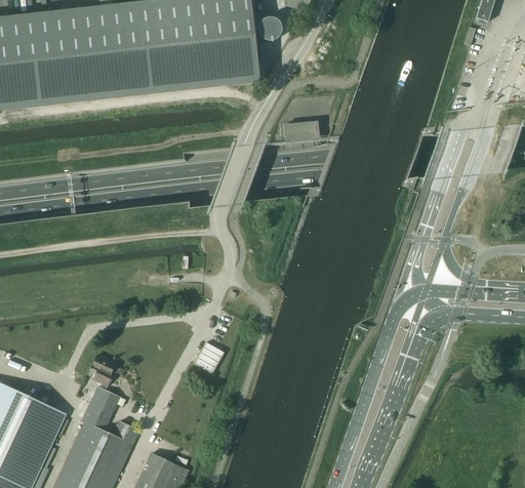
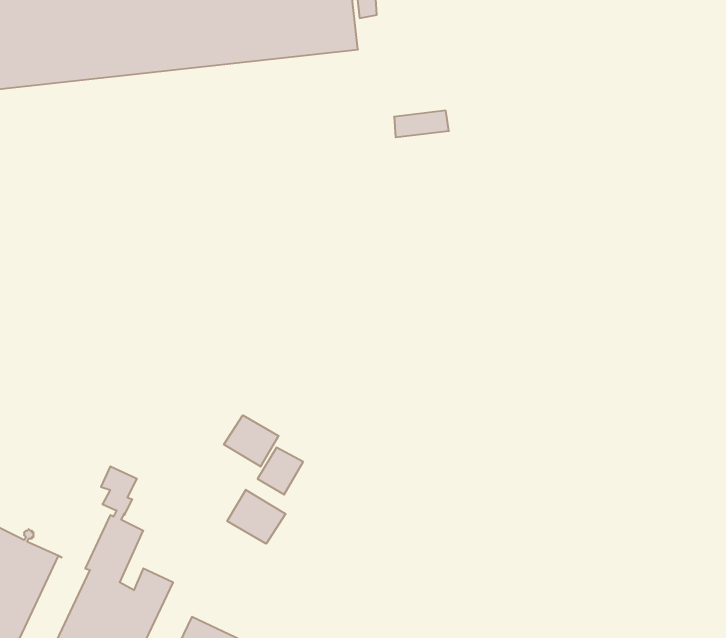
building: none -> [224,415,279,467]
building: none -> [227,490,286,544]

